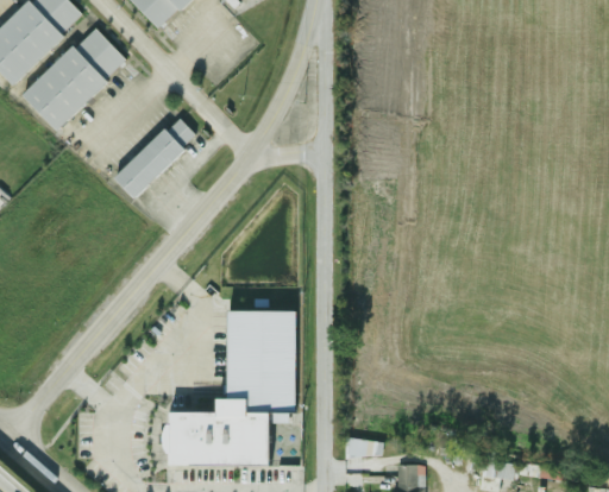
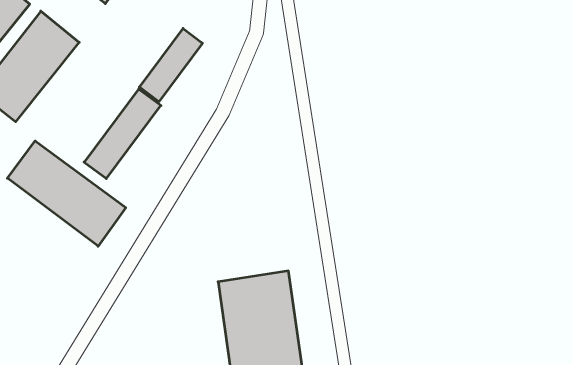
building: none -> [139,28,202,102]
building: none -> [7,141,126,246]

